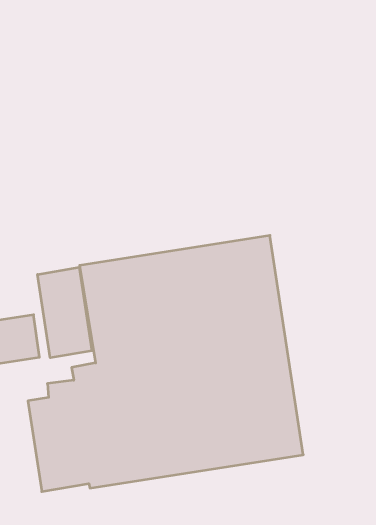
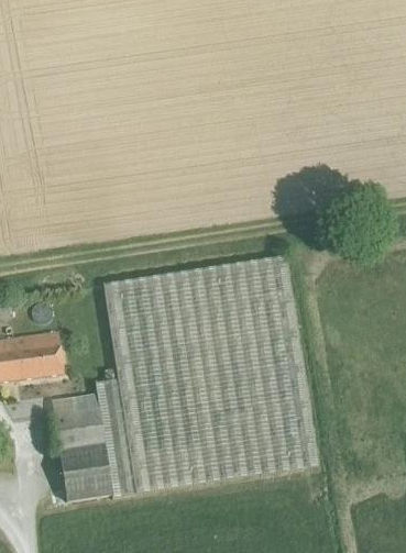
building: [38,267,92,358] -> none

